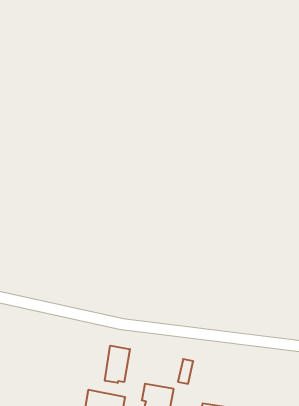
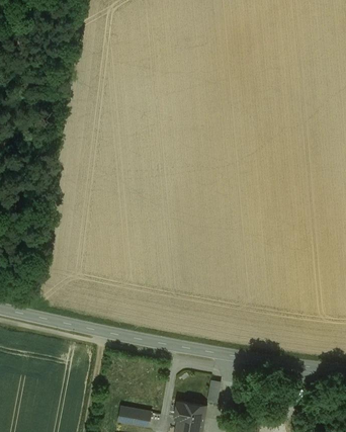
building: [105,346,130,383] -> none

